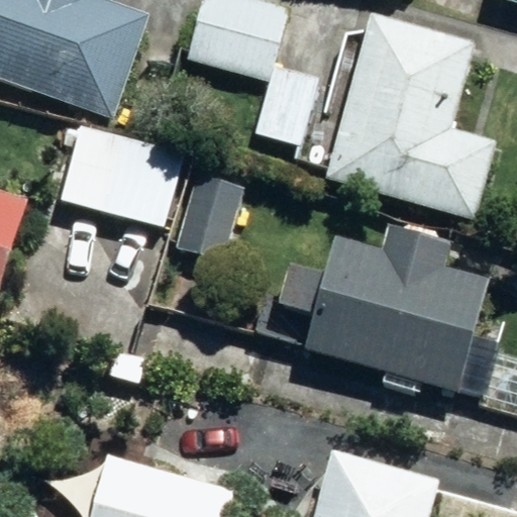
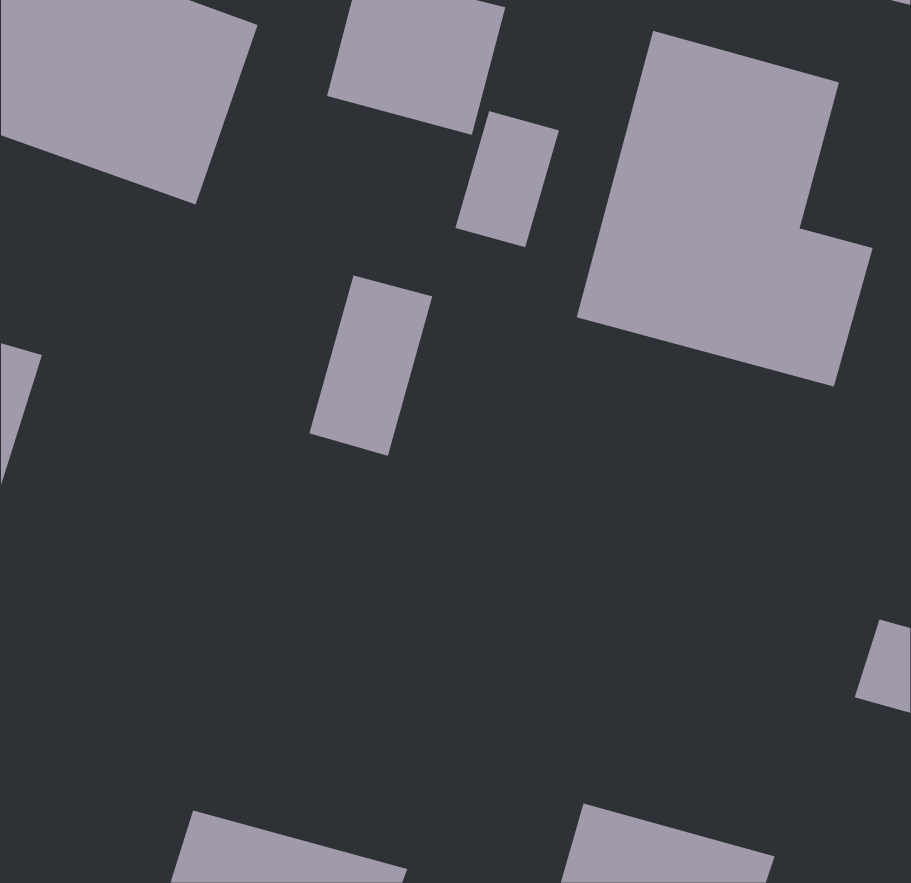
building: [62,126,181,226] -> none
building: [302,231,487,396] -> none

